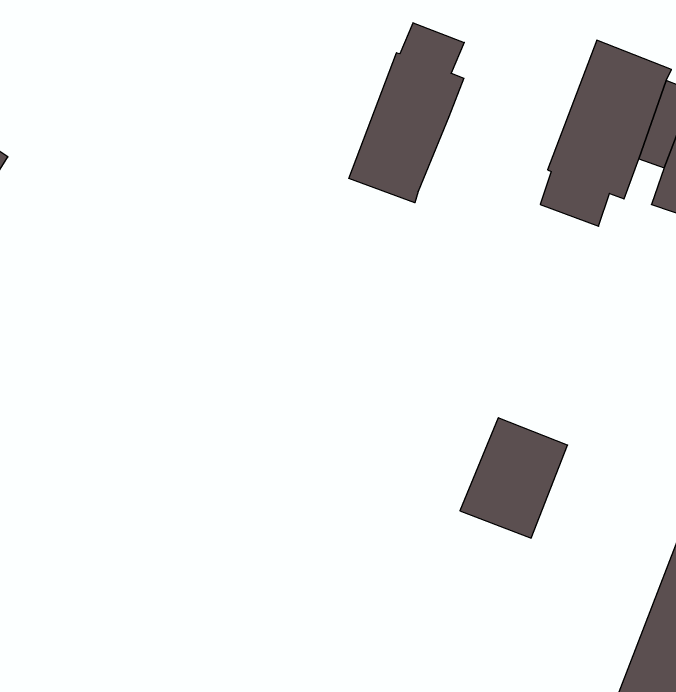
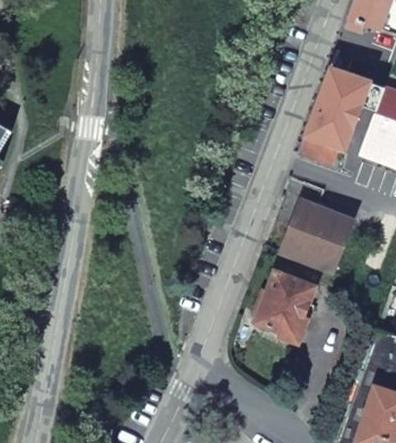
building: [349,23,464,203] -> none
building: none -> [283,201,352,270]

